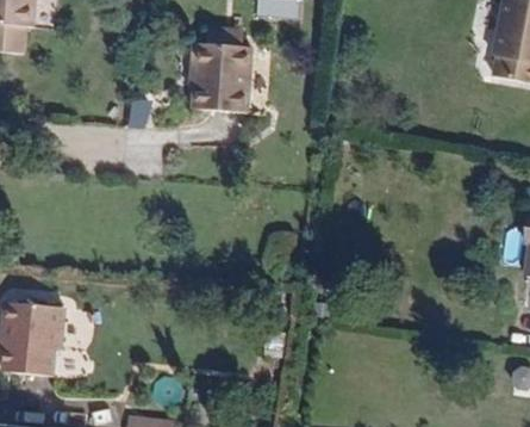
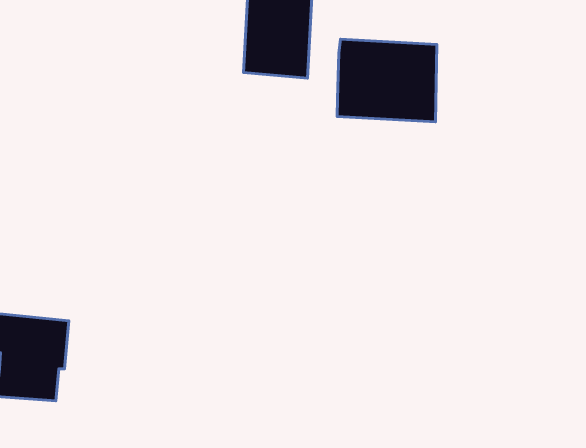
building: none -> [337,39,437,122]

